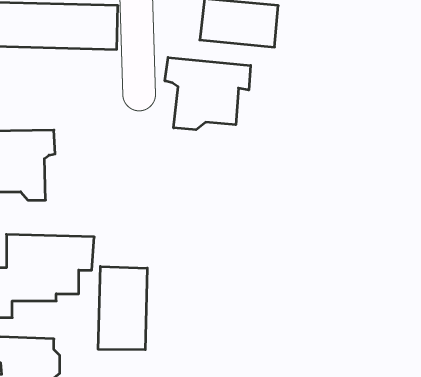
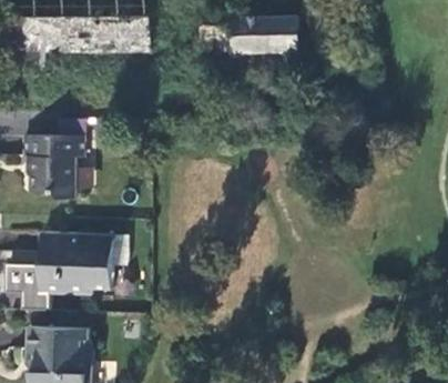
building: [165,57,251,130] -> none
building: [98,266,147,350] -> none

